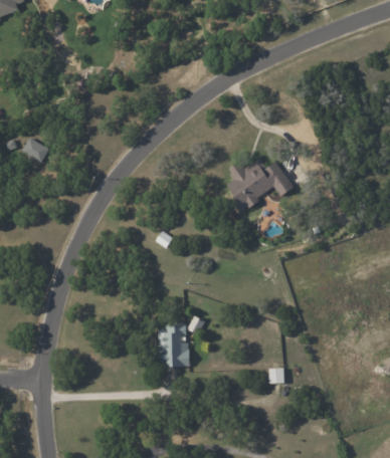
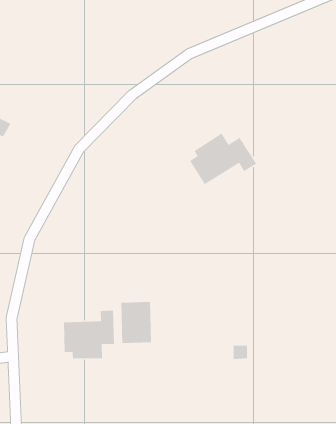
building: none -> [63,310,115,359]

